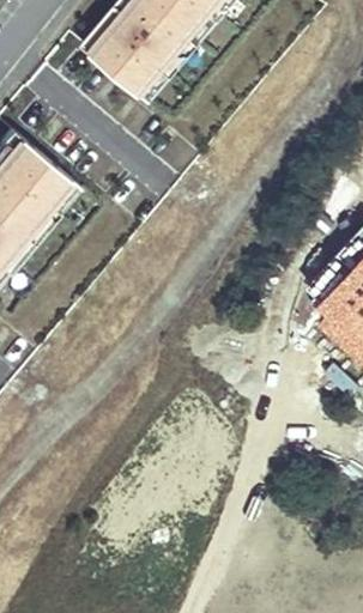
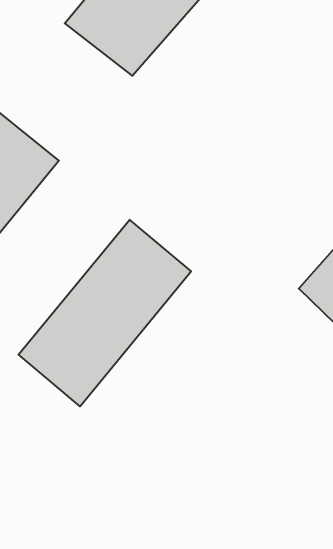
building: none -> [19,220,191,406]

